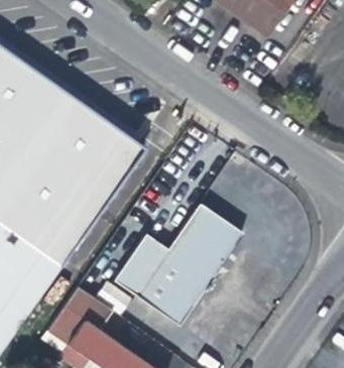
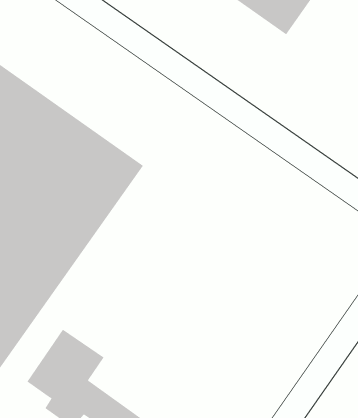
building: [112,202,240,323] -> none

